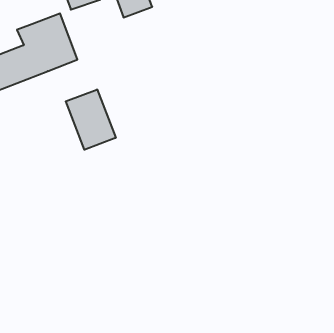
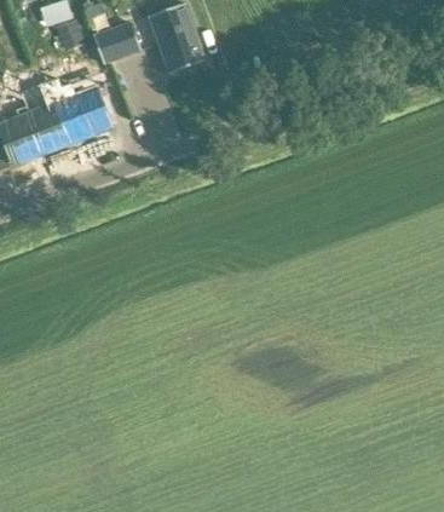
building: [66,89,116,150] -> none

